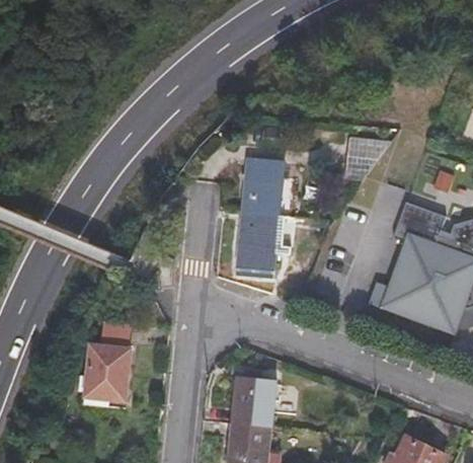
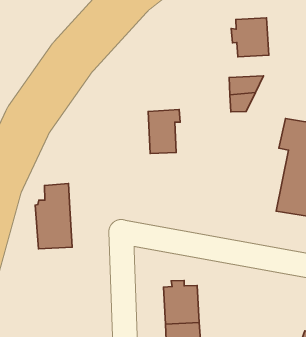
building: none -> [231,18,269,57]
building: [238,220,278,286] -> none
building: [82,320,129,397] -> [35,184,72,249]

